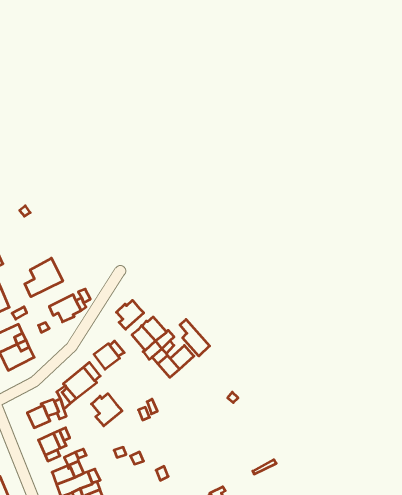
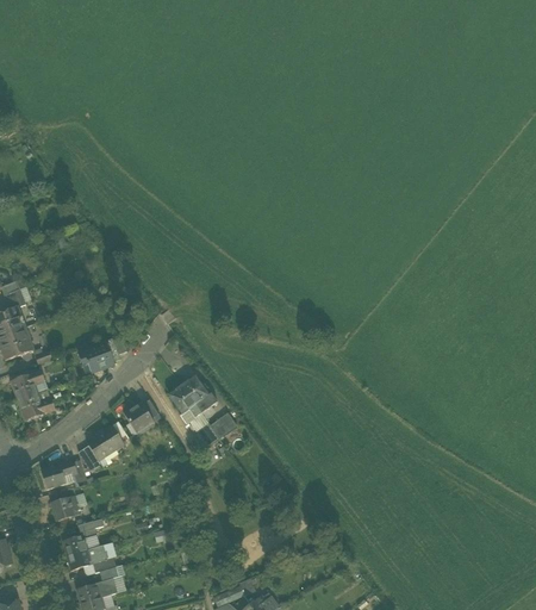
building: [25,258,63,297] -> none
building: [116,300,144,329] -> none
building: [180,319,210,356] -> none
building: [91,394,122,426] -> none

